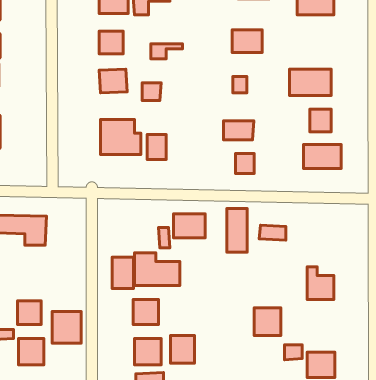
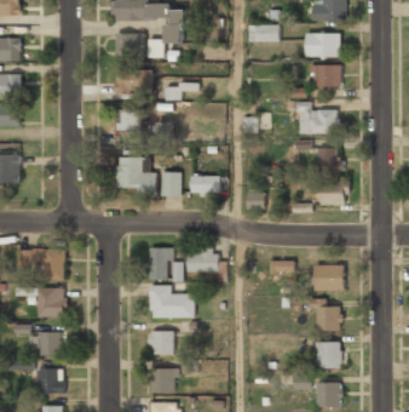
building: [232,30,262,53] -> [312,65,341,87]
building: [224,121,254,140] -> [191,176,220,194]
building: [227,208,247,252] -> none
building: none -> [315,264,345,290]
building: [112,257,133,289] -> [150,247,171,277]
building: [254,308,281,336] -> [316,342,341,368]
building: [52,312,81,343] -> [38,287,65,317]
building: [171,335,194,363] -> none

